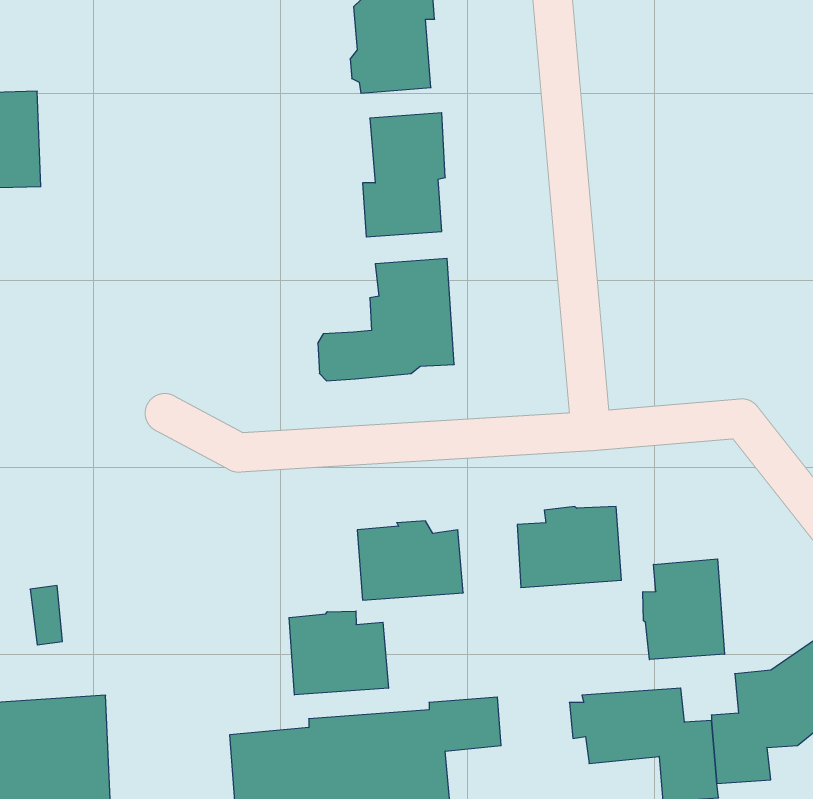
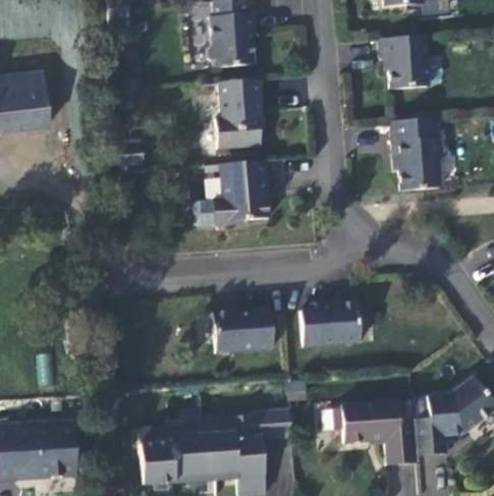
building: none -> [379,36,429,89]
building: none -> [390,114,460,187]
building: [643,559,725,660] -> none
building: [289,611,388,695] -> none

